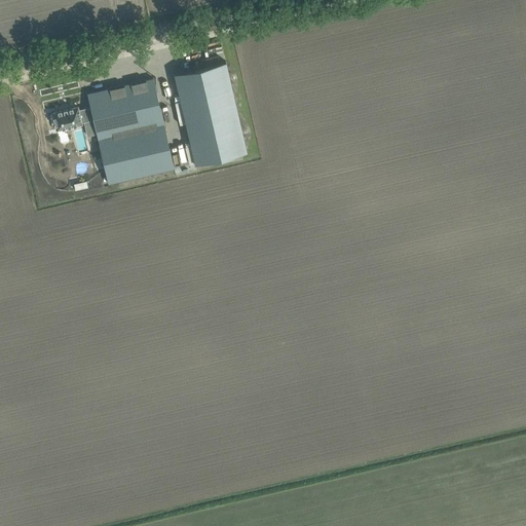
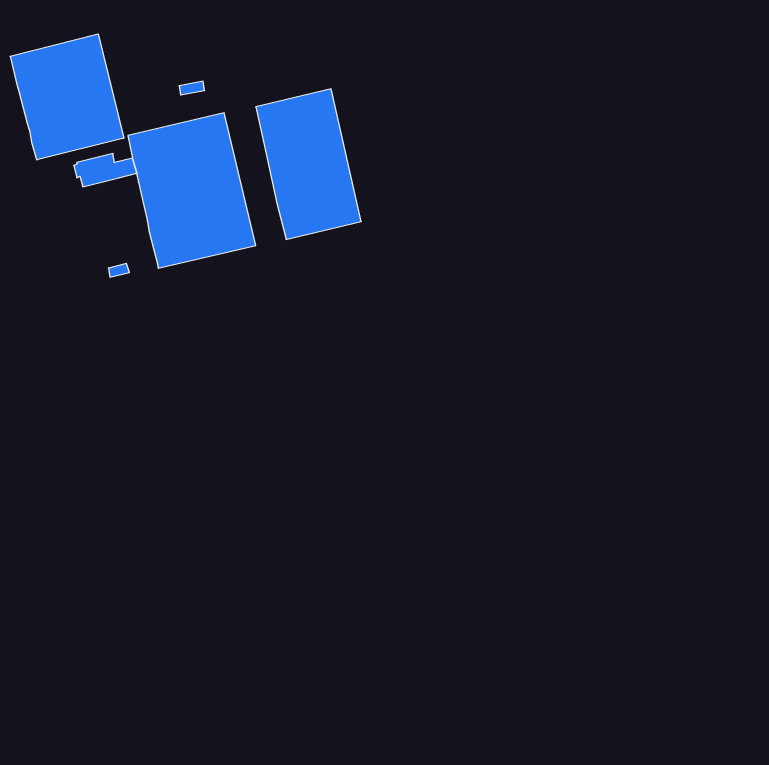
building: none -> [10,34,124,160]

